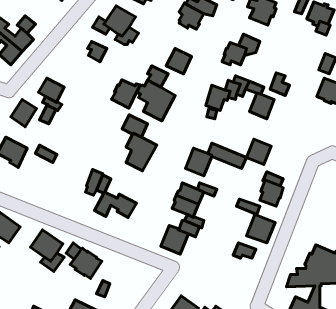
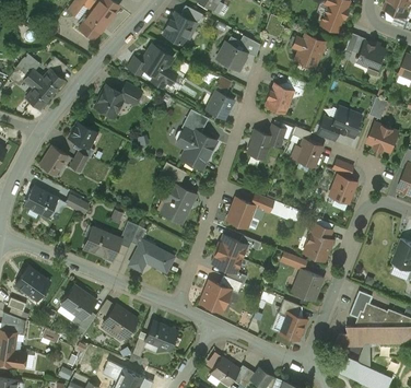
building: none -> [330,107,362,137]
building: [112,80,140,108] -> [95,86,126,117]
building: [247,139,271,165] -> [329,175,355,202]
building: none -> [83,228,121,260]
building: none -> [279,313,305,340]
building: none -> [145,321,176,350]

